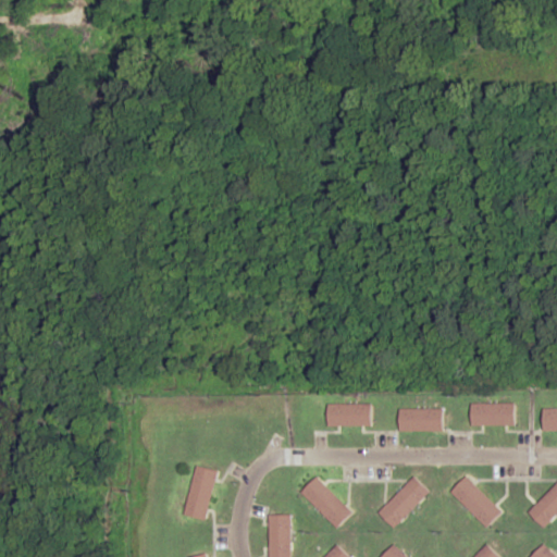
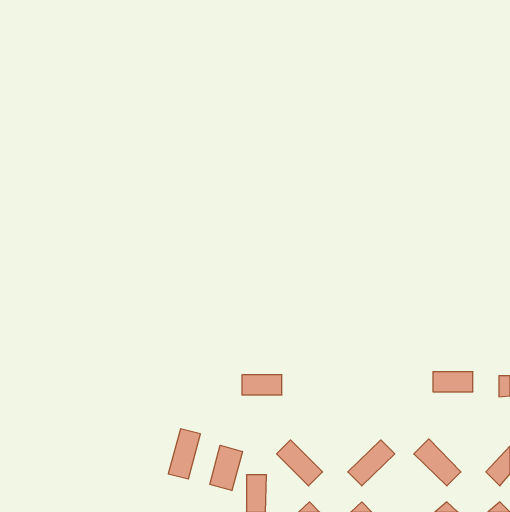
building: [326,405,370,426] -> [242,375,282,395]
building: [398,410,442,431] -> none
building: none -> [210,445,242,491]

